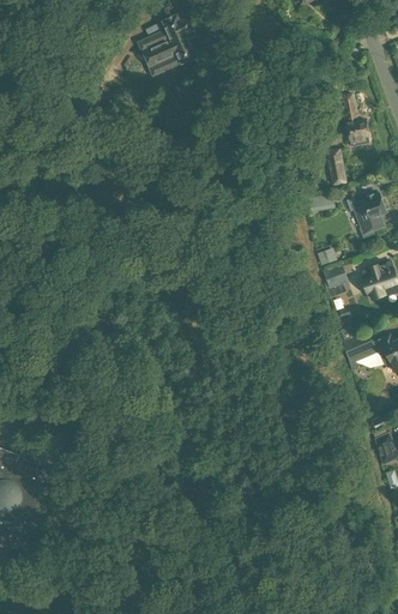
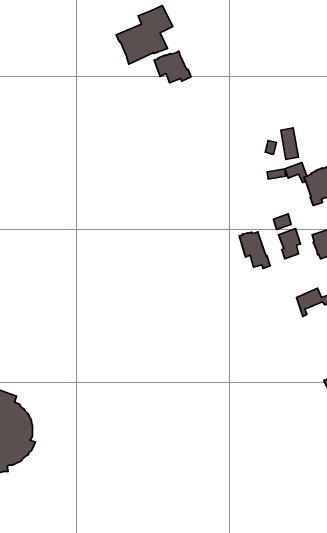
building: none -> [154,51,191,83]
building: [343,94,369,146] -> none
building: none -> [239,232,270,269]

